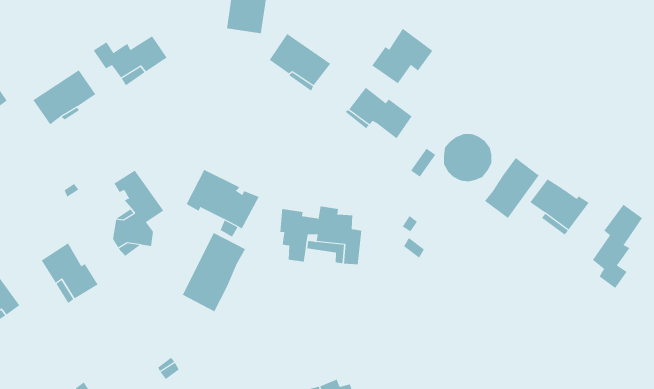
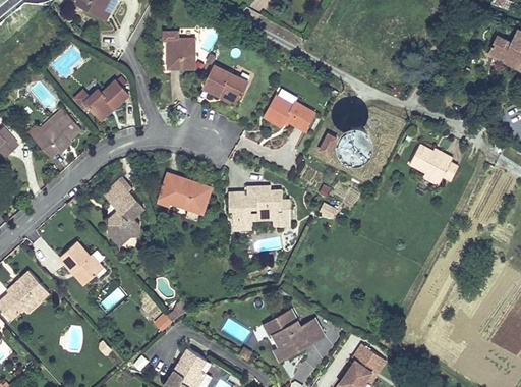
building: [371,28,433,84] -> none
building: [484,157,539,219] -> none
building: [592,204,643,289] -> none
building: [182,232,246,312] -> none

